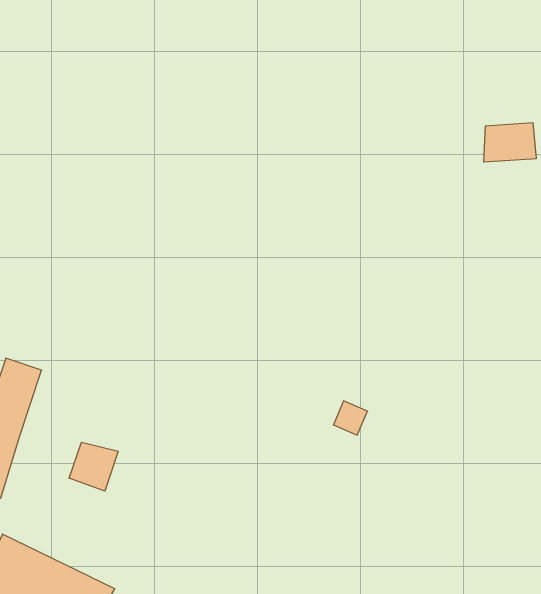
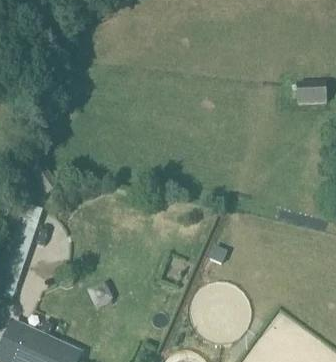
building: [69,442,118,491] -> none

